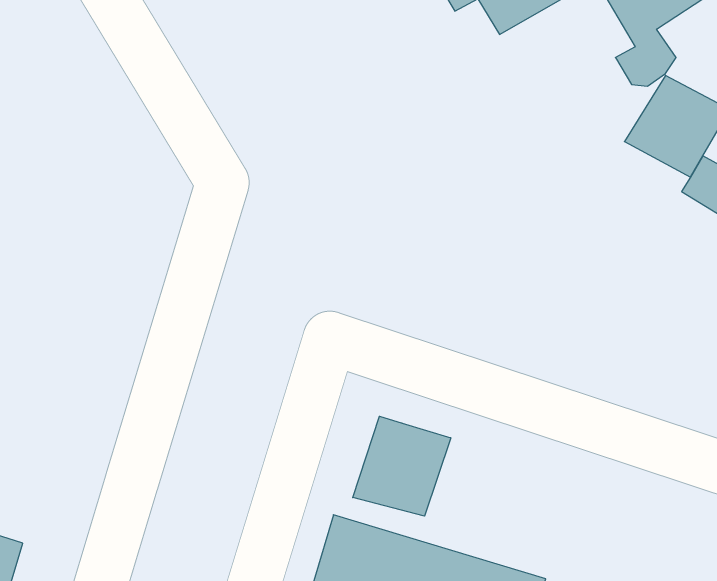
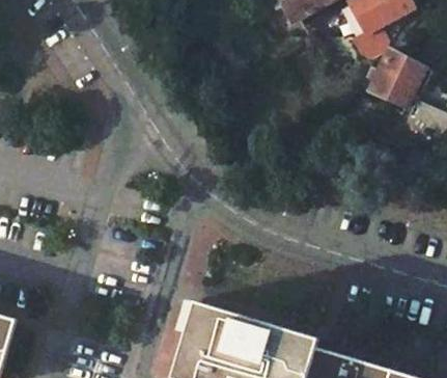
building: [353,416,451,516] -> none

